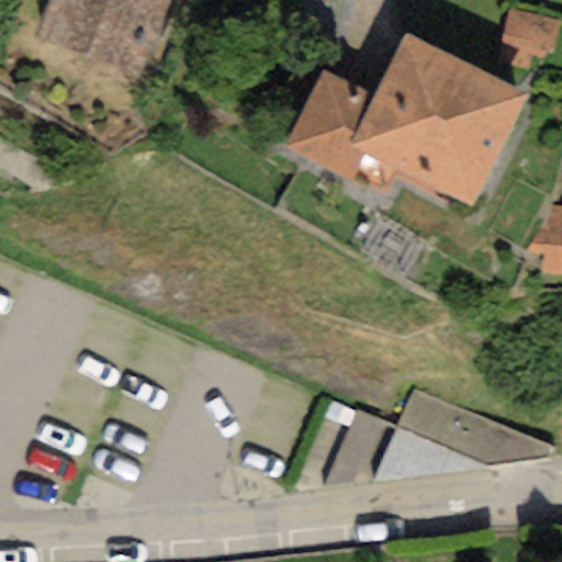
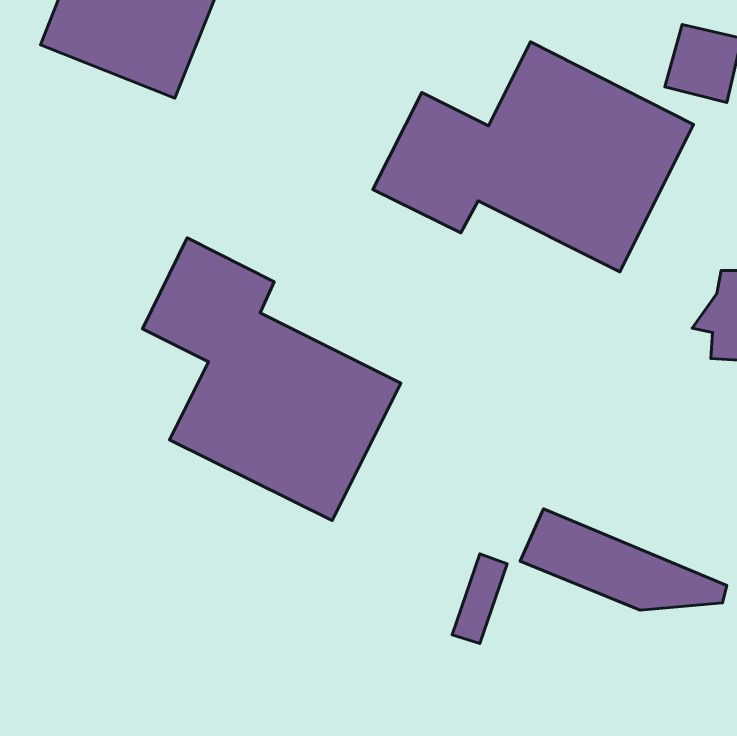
building: none -> [143,238,401,521]

